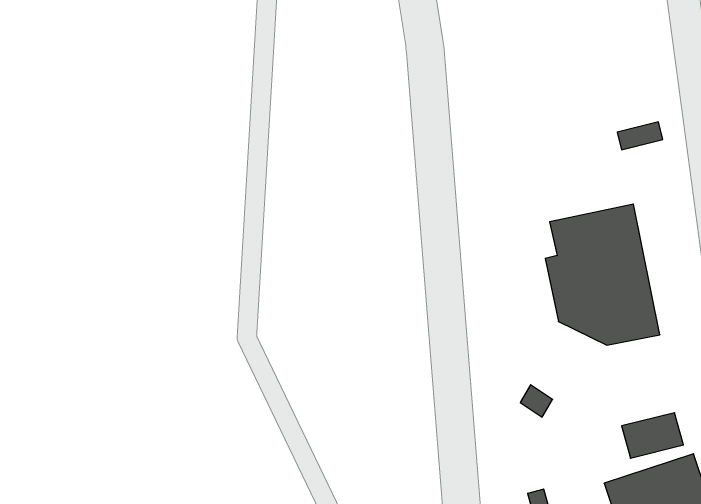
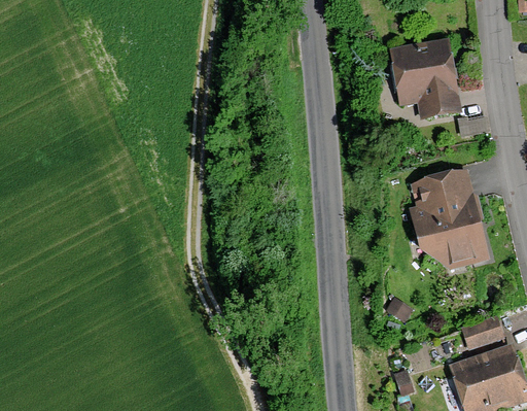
building: none -> [388,37,461,118]

